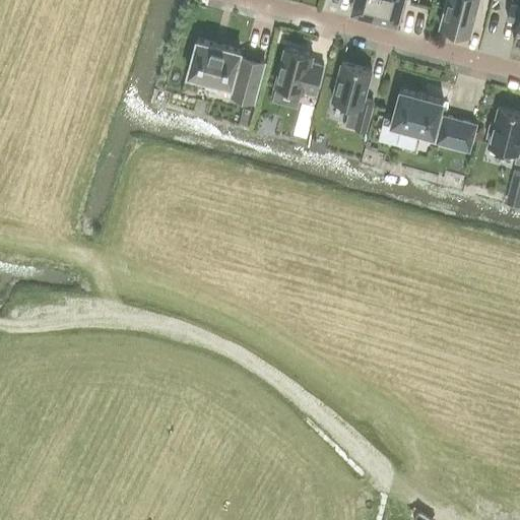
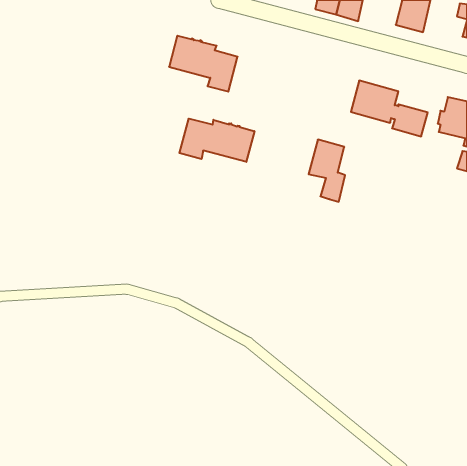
building: [273,49,323,100] -> none
building: [332,64,373,133] -> [309,140,345,202]
building: none -> [179,119,254,162]

